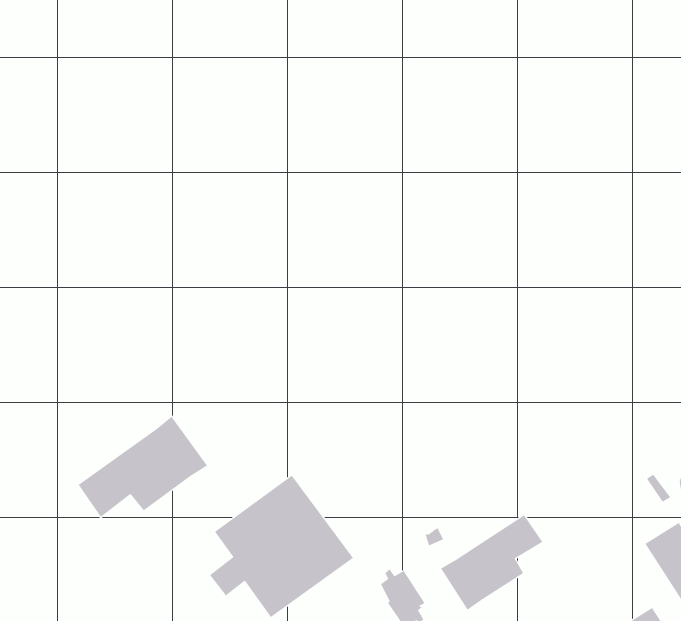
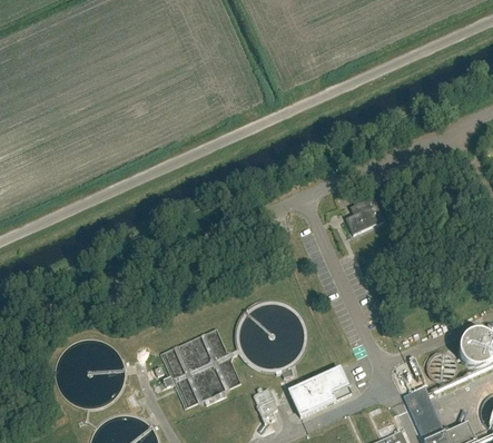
building: none -> [346,196,385,234]
building: [78,416,208,518] -> none

